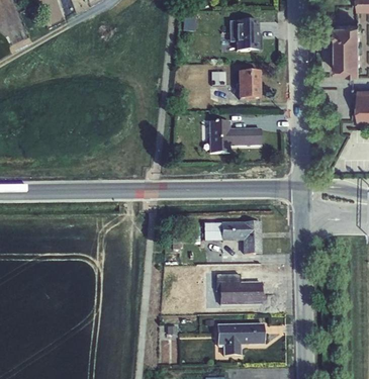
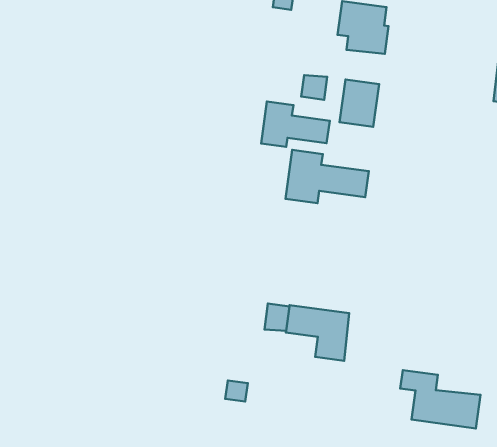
building: none -> [261,101,330,147]
building: [207,275,260,306] -> [400,370,480,428]

